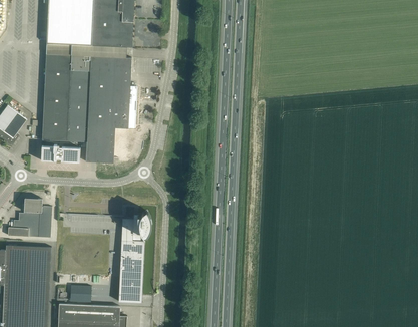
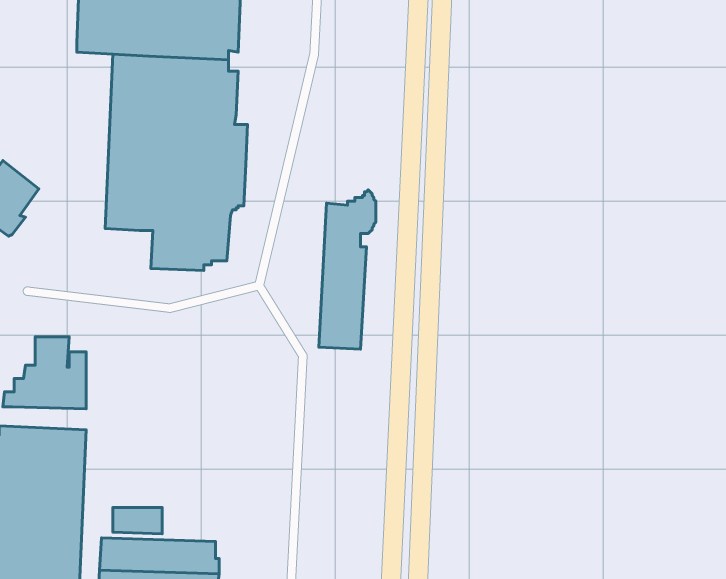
building: [41,47,65,140] -> none
building: [40,144,80,162] -> none
building: [118,211,148,295] -> [319,190,376,349]

